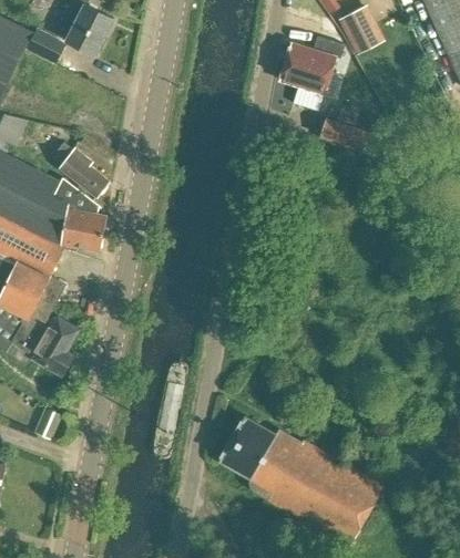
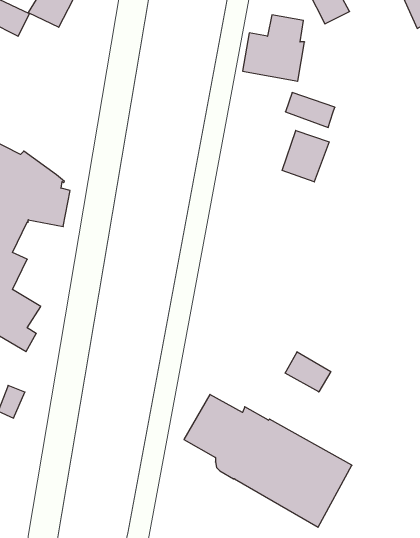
building: [55,143,108,197] -> none
building: none -> [282,130,329,182]
building: none -> [285,352,331,392]

